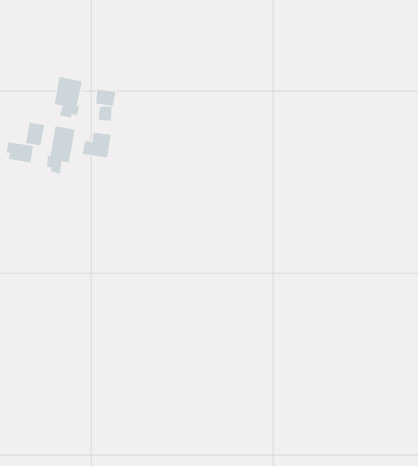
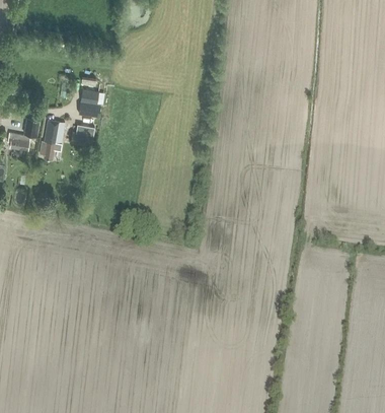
building: [54,76,83,118] -> none

